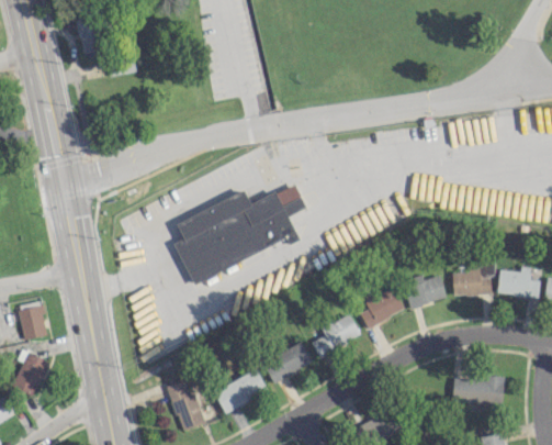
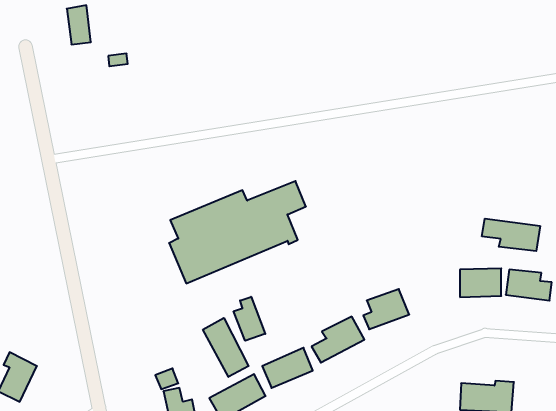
building: none -> [482,219,540,251]
building: [404,274,447,308] -> none
building: none -> [234,297,265,341]
building: [19,304,47,338] -> none
building: none -> [203,318,249,377]

